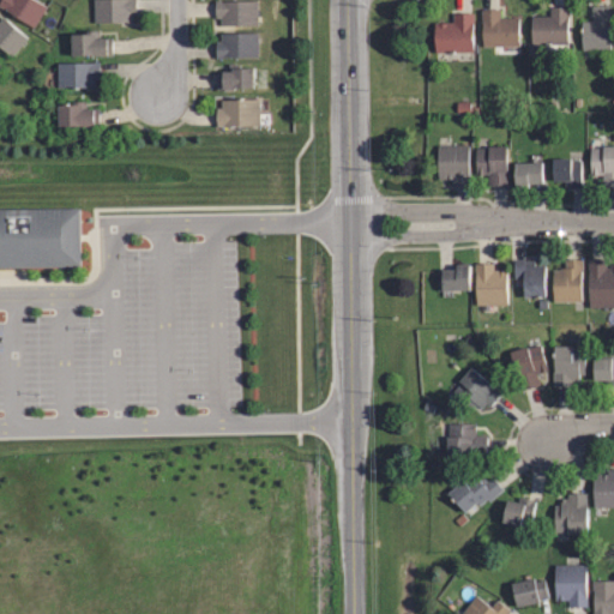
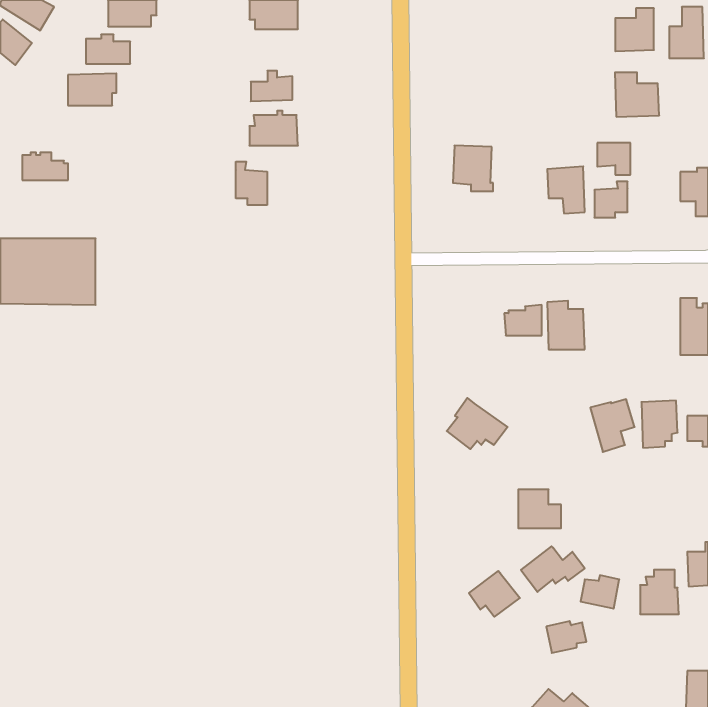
building: [480,10,518,48] -> [615,72,659,117]
building: [435,16,471,53] -> none
building: [216,32,258,59] -> none
building: [59,102,98,126] -> [22,152,68,180]
building: none -> [236,162,267,205]
building: [435,145,470,185] -> [453,146,493,191]
building: [552,162,580,189] -> [597,143,630,175]
building: [514,259,543,299] -> none
building: [553,259,580,301] -> none
building: [451,367,504,411] -> [447,398,508,449]
building: none -> [469,571,520,617]
building: [555,567,586,608] -> none
building: [512,579,547,607] -> [546,621,586,653]

